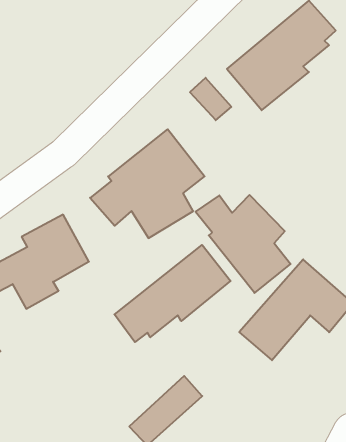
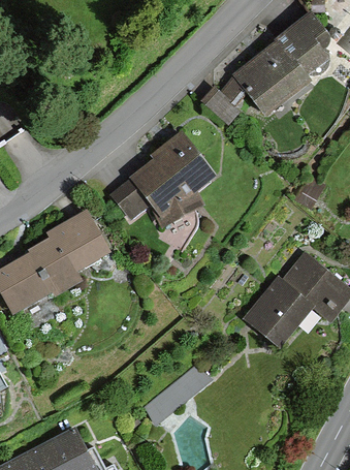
building: [196,195,291,293] -> none
building: [114,245,231,342] -> none

